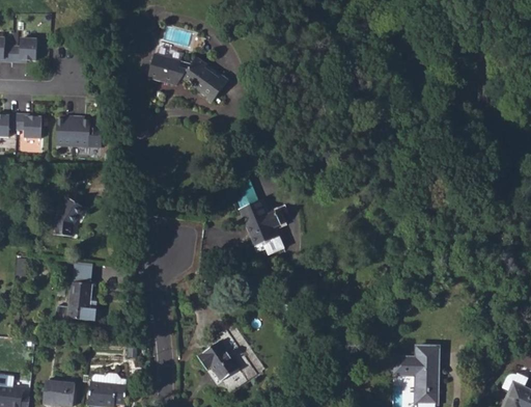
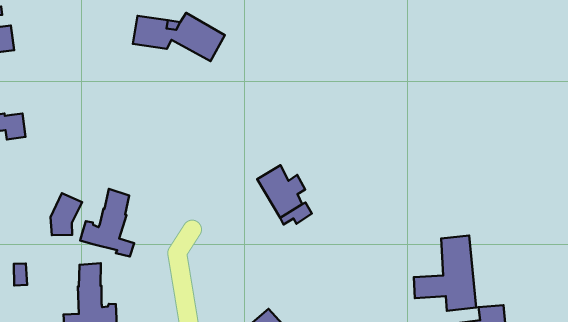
building: [59,123,92,153] -> none
building: none -> [80,189,134,256]
building: none -> [414,236,476,311]

